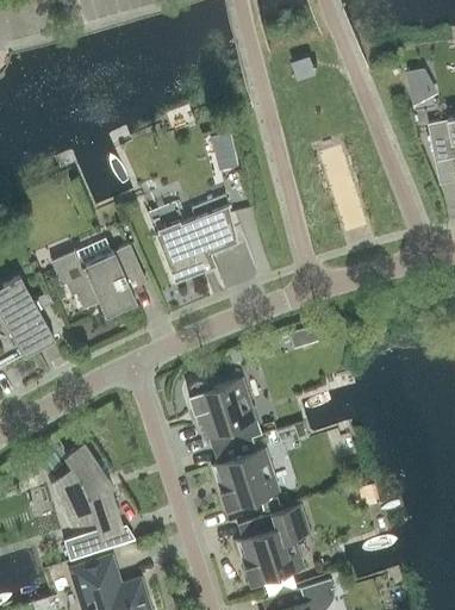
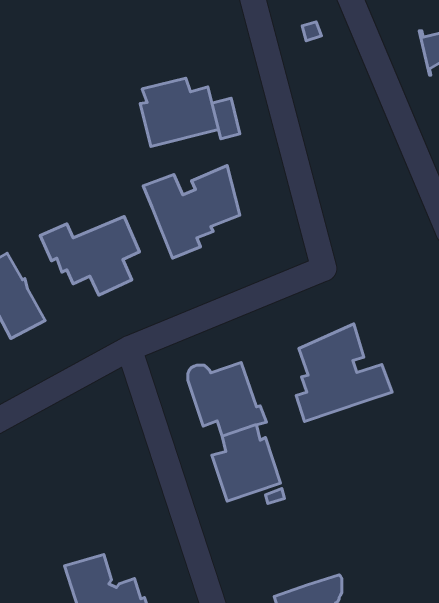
building: none -> [140,78,219,146]
building: none -> [296,324,392,421]
building: [56,444,135,560] -> none
building: [236,506,310,585] -> none

